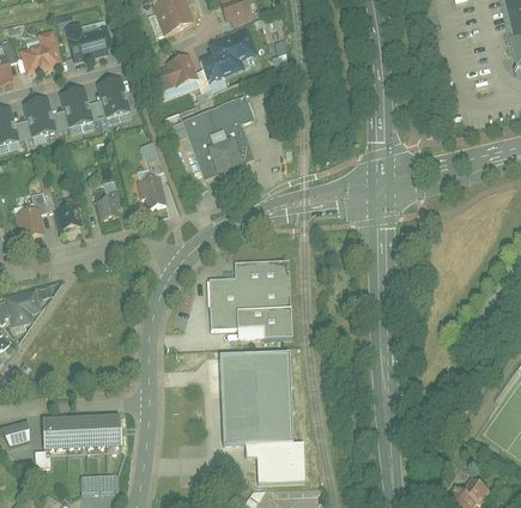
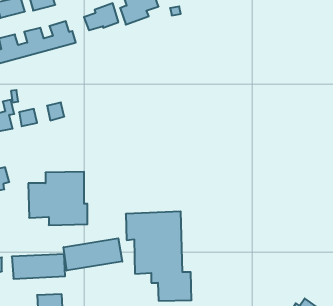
building: [165,93,254,185] -> none
building: [139,175,165,206] -> none
building: [206,261,292,339] -> [28,172,87,225]
building: none -> [64,238,122,271]

